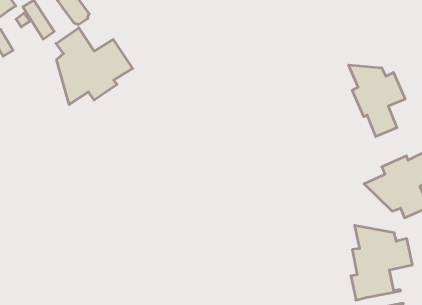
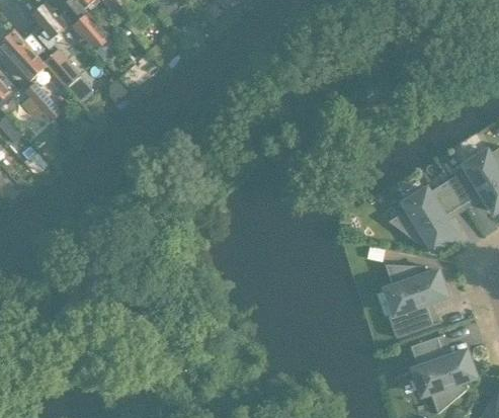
building: [56,28,133,105] -> none
building: [349,65,405,137] -> none

